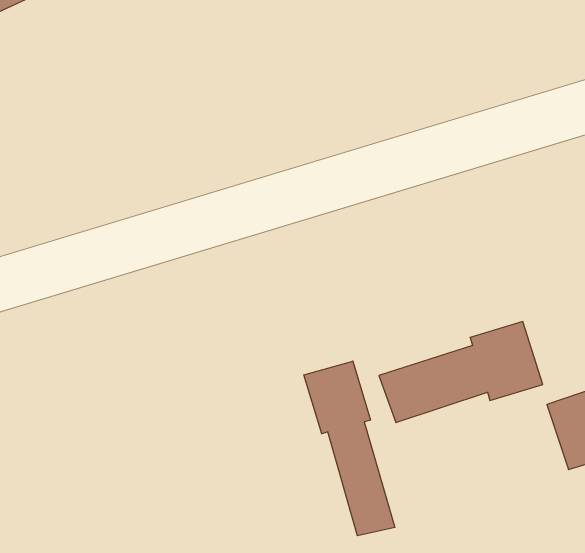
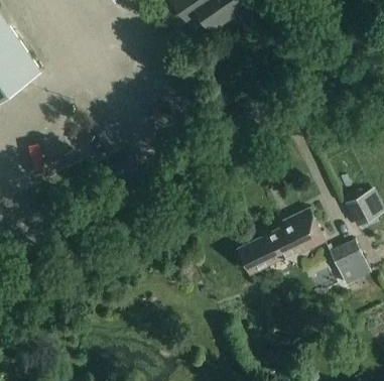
building: [304,361,395,536] -> none

